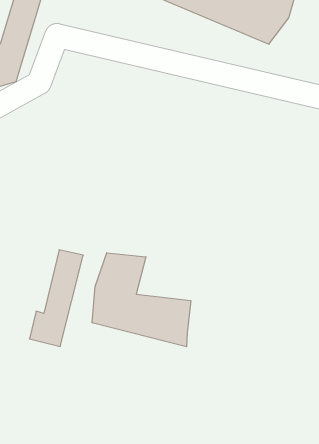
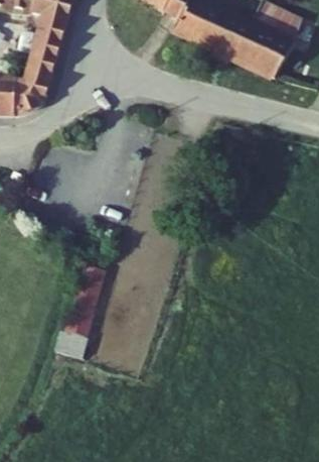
building: [92,253,191,347] -> none

